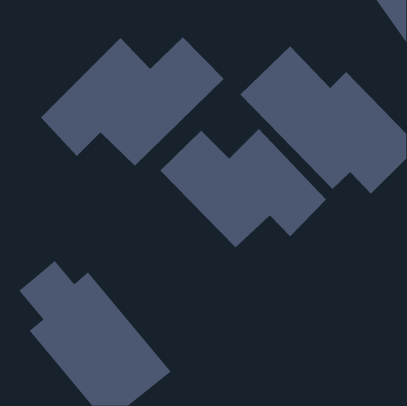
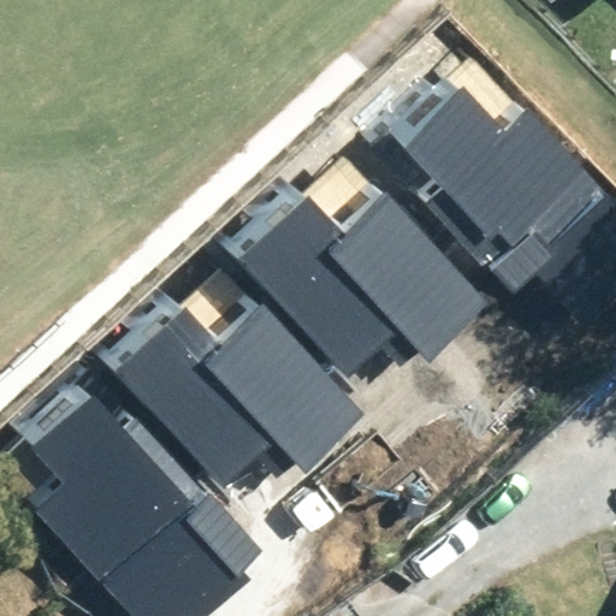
building: [40,36,224,166] -> none
building: none -> [105,304,359,485]

